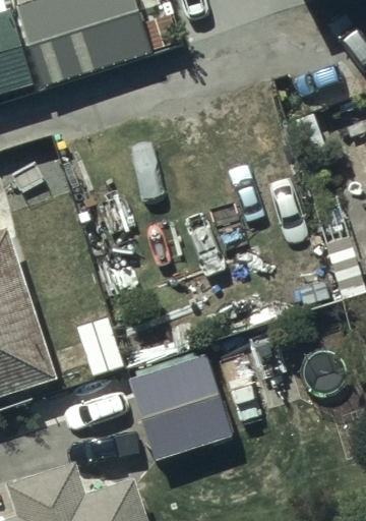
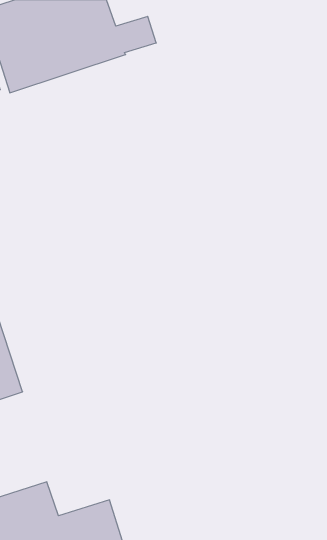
building: [130,358,231,459] -> none

